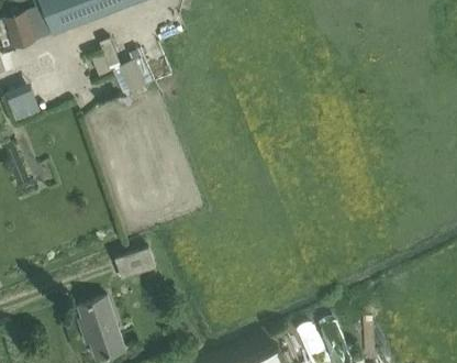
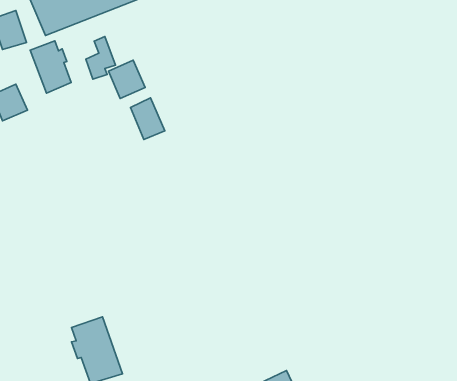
building: none -> [30,41,71,93]
building: none -> [130,98,165,140]
building: [113,248,154,279] -> none

